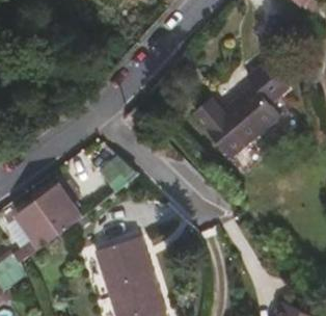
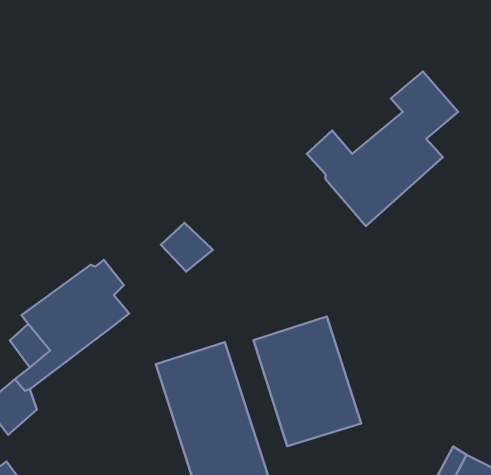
building: none -> [254,316,361,446]

